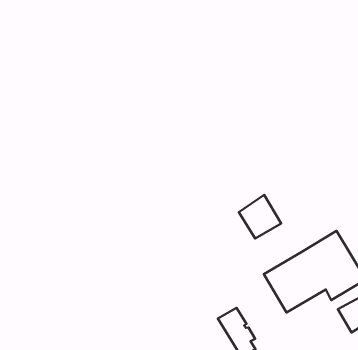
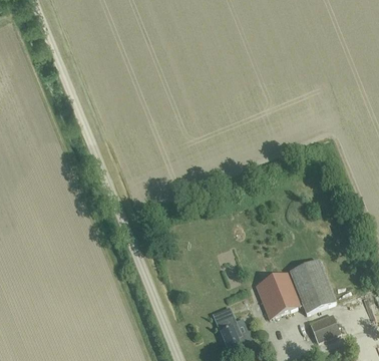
building: [239,195,281,239] -> none

